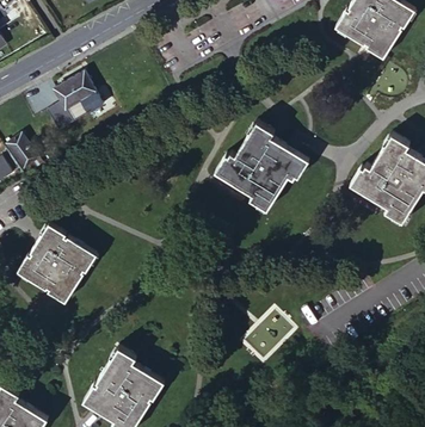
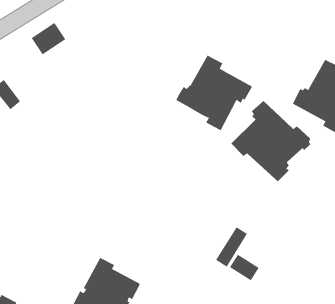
building: none -> [231,100,311,182]
building: [18,221,97,301] -> none
building: none -> [229,254,259,281]

